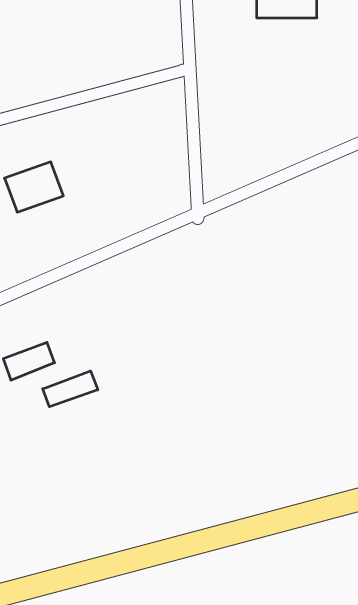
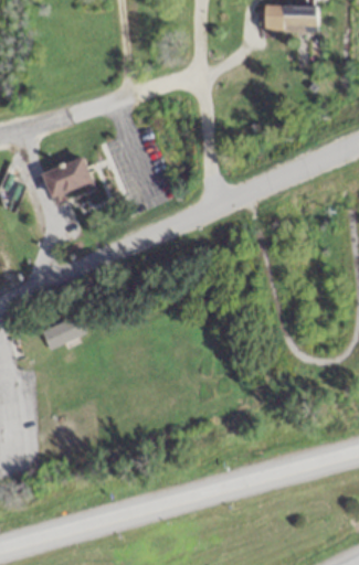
building: [43,371,98,407] -> none

